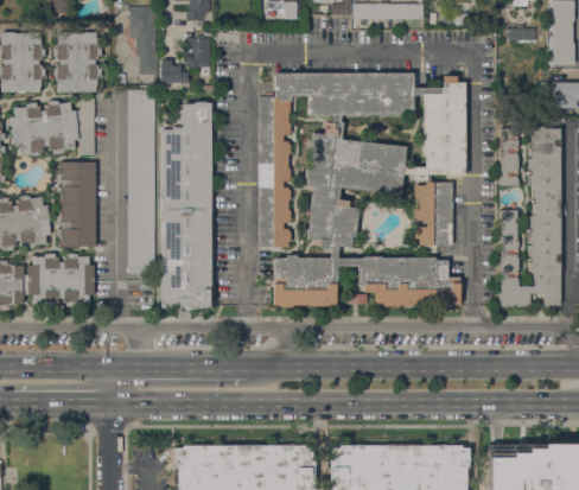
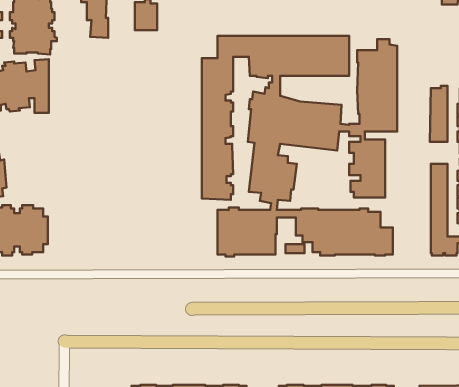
building: [160,59,189,82] -> none
building: [128,89,155,273] -> none
building: [160,101,211,308] -> none
building: [56,161,96,246] -> none

